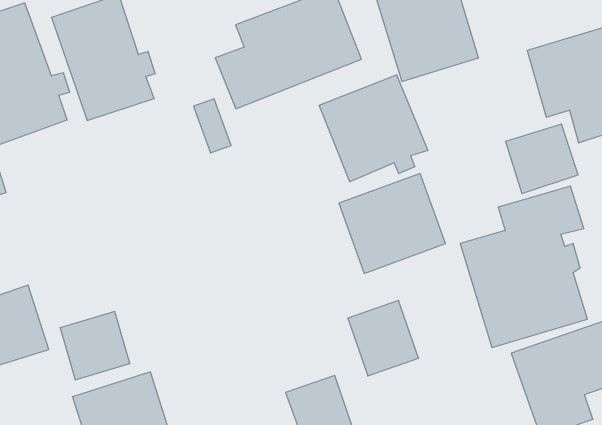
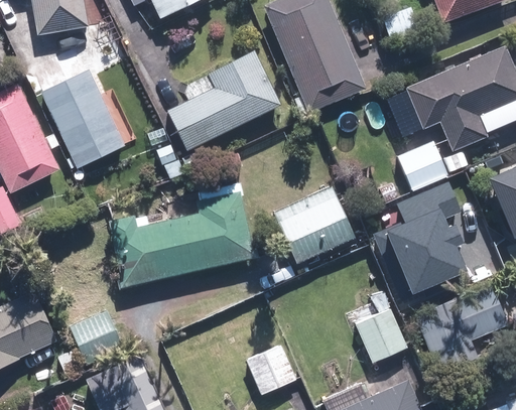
building: [319,75,428,182] -> none
building: none -> [110,183,258,289]
building: [348,300,419,376] -> [353,306,409,366]

